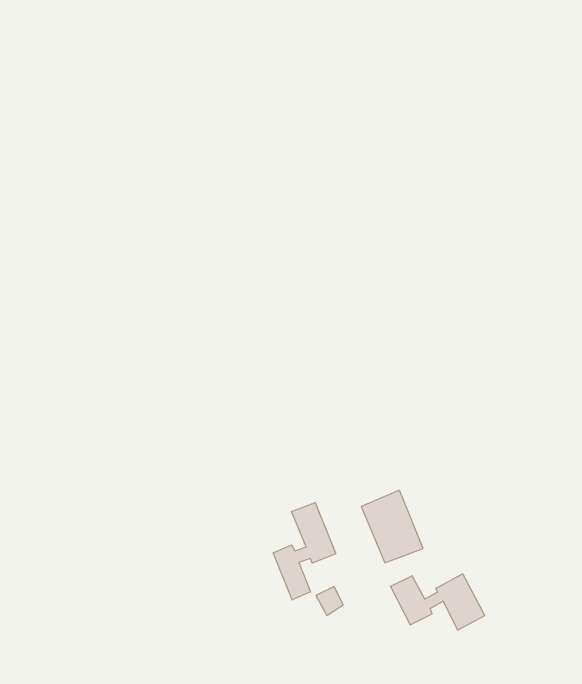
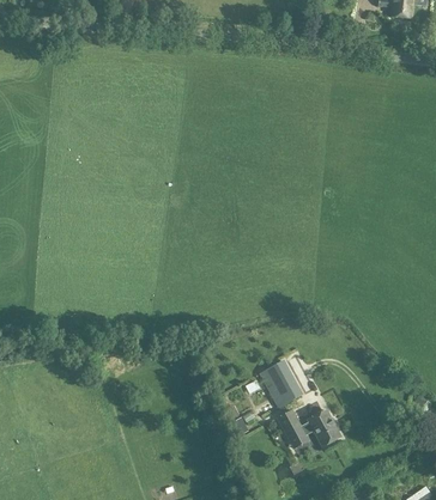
building: [273,502,336,600] -> none

